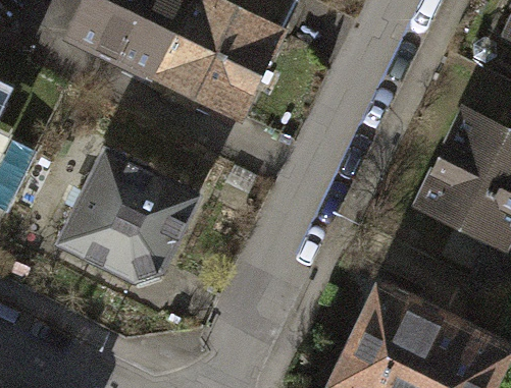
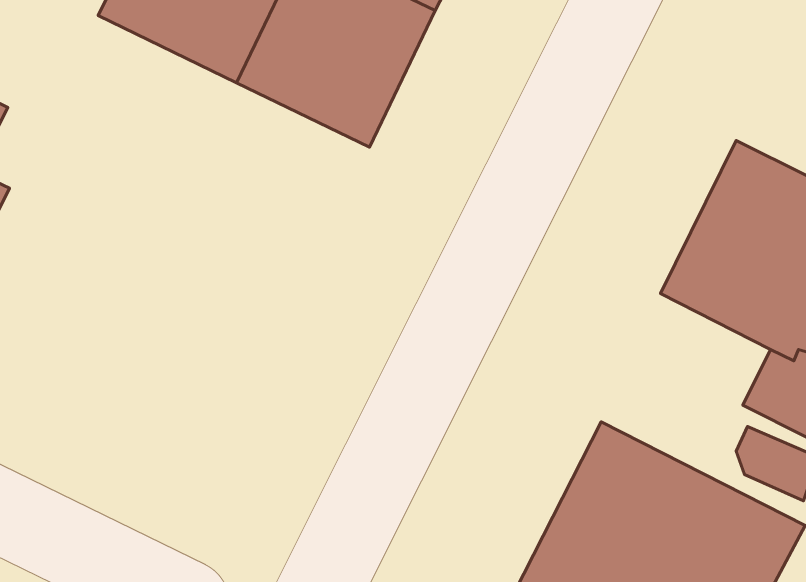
building: [56,151,194,276] -> none

